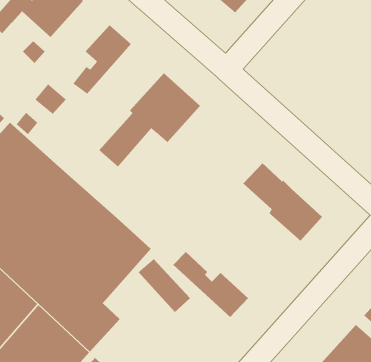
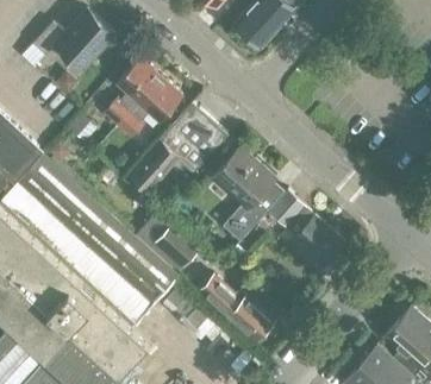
building: none -> [118,76,182,136]
building: none -> [212,147,280,243]
building: none -> [150,224,201,273]

